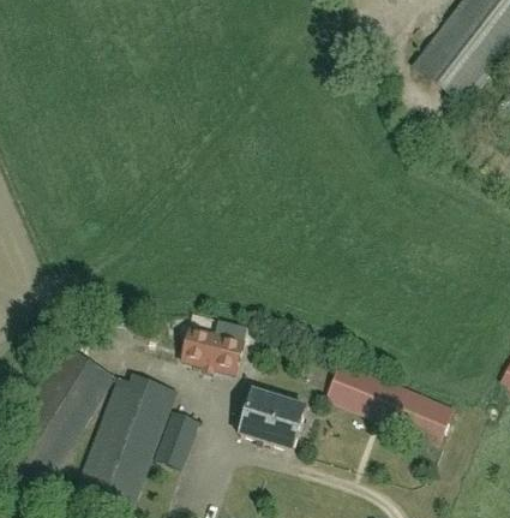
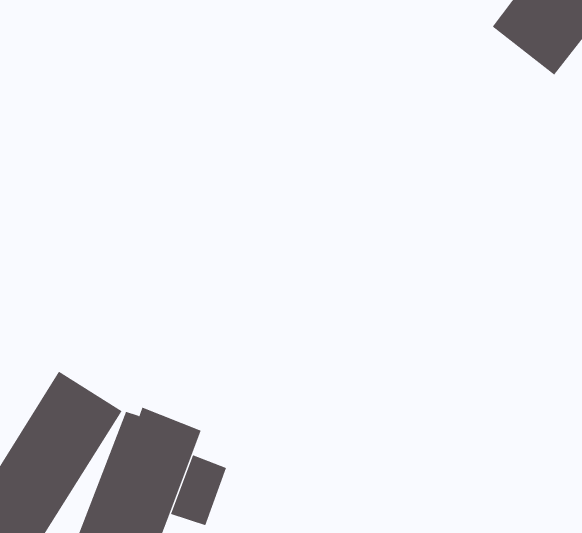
building: [182,328,244,374] -> none
building: [326,361,455,445] -> none
building: [239,391,305,449] -> none

